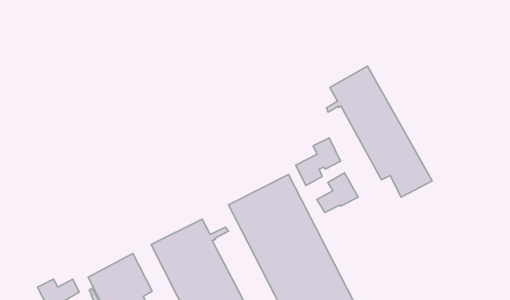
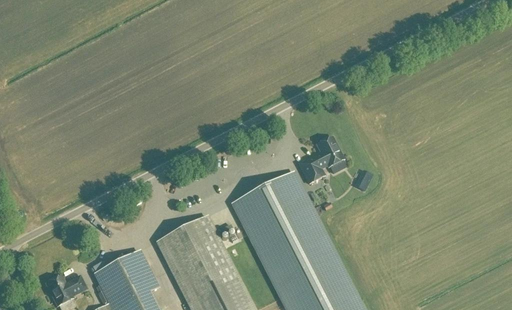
building: [326,66,432,197] -> none
building: [317,173,358,213] -> none

